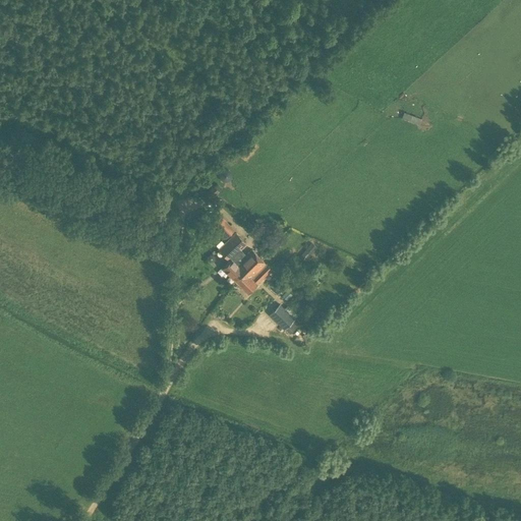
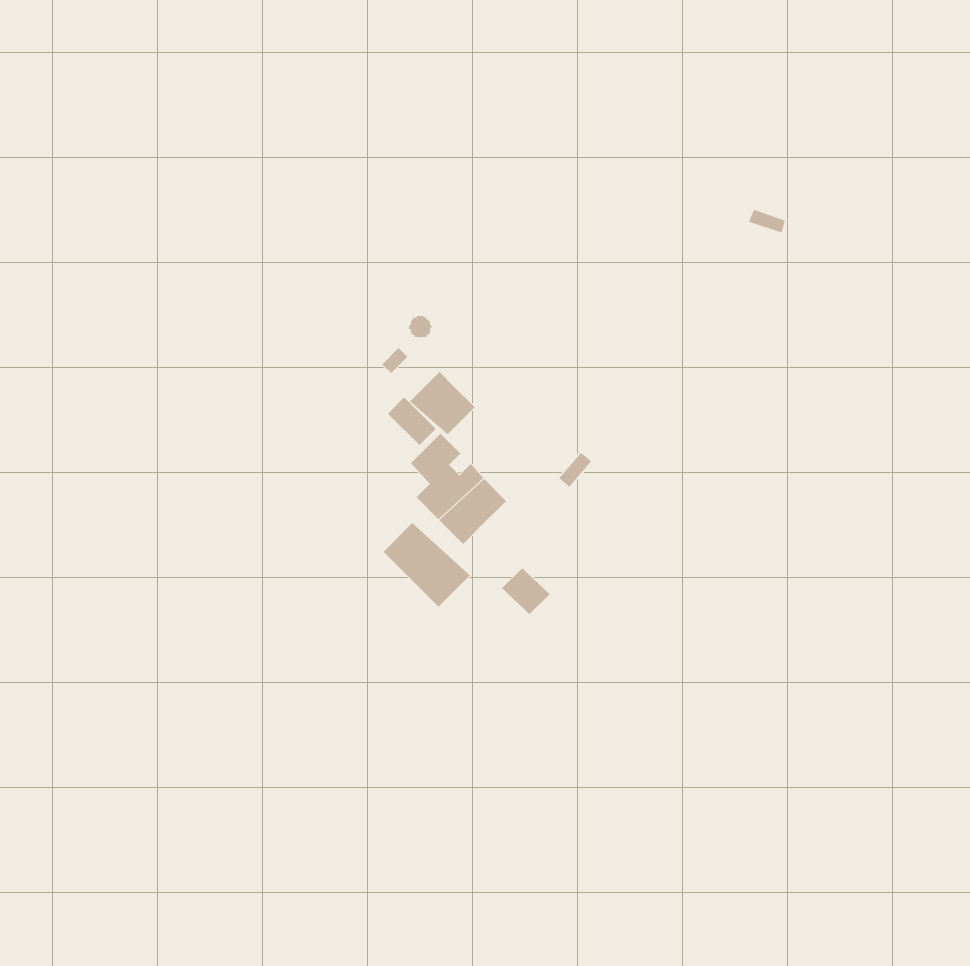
building: none -> [409,371,475,435]
building: none -> [383,522,471,608]

